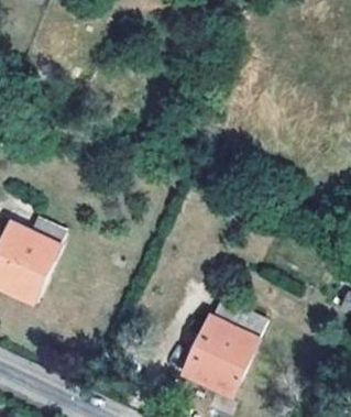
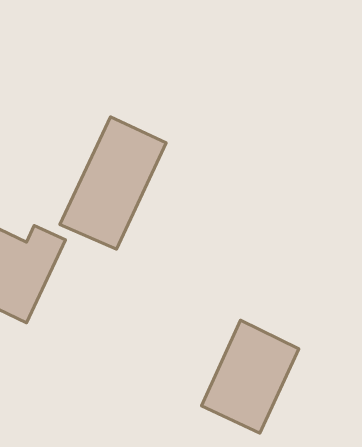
building: none -> [60,117,166,249]

